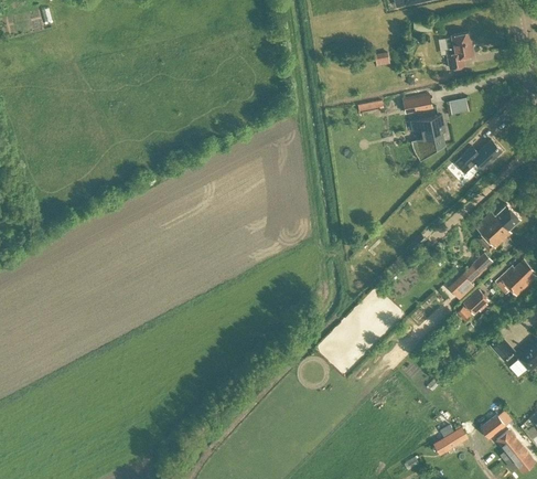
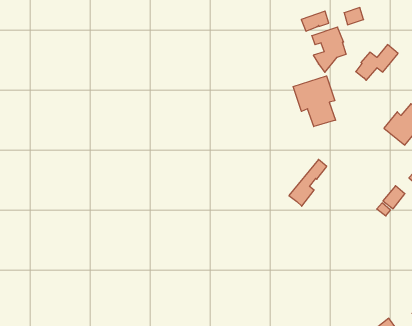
building: none -> [293,76,336,127]
building: [448,253,492,300] -> [289,159,327,206]

